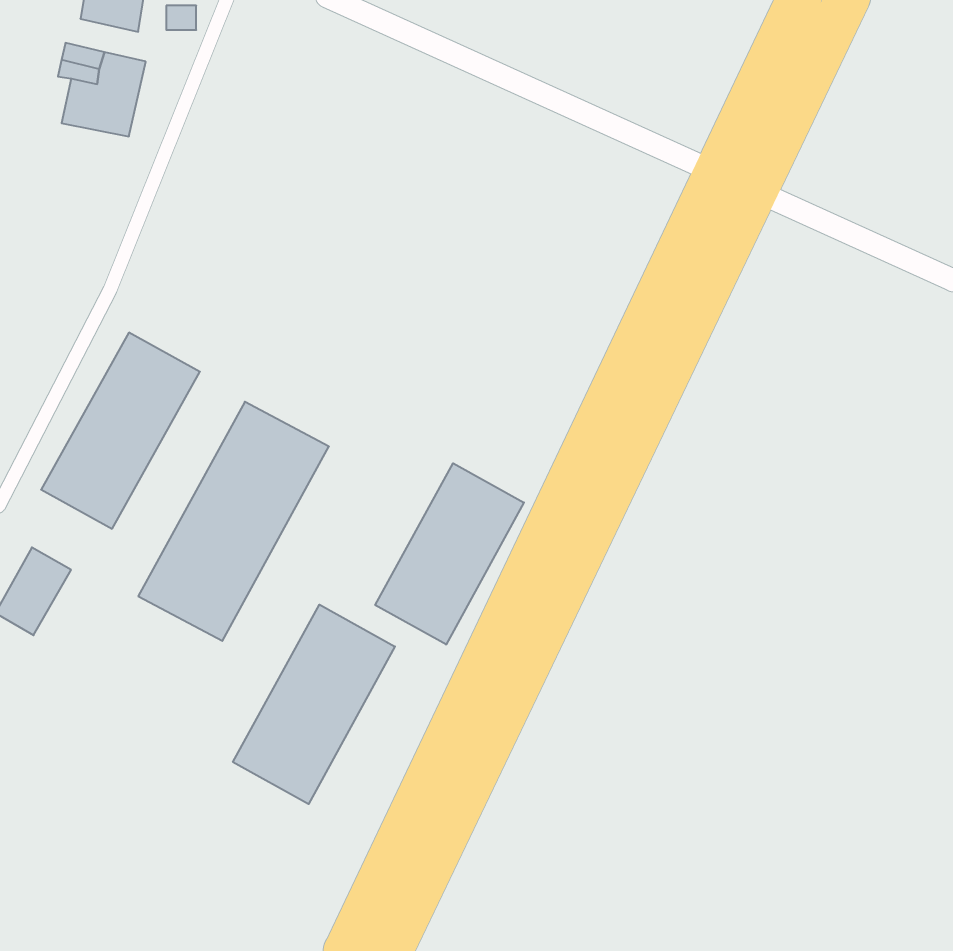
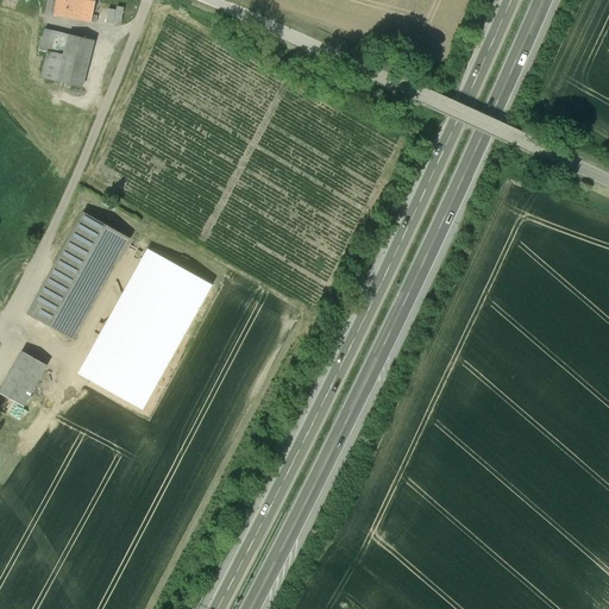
building: [375,463,524,645] -> none
building: [233,605,395,804] -> none

